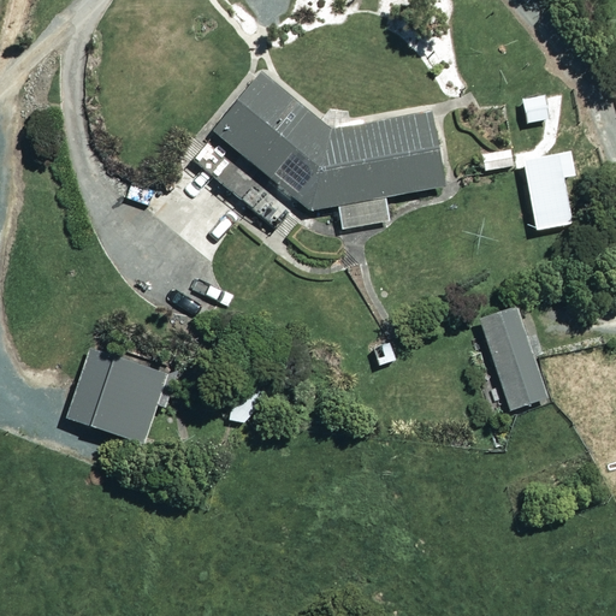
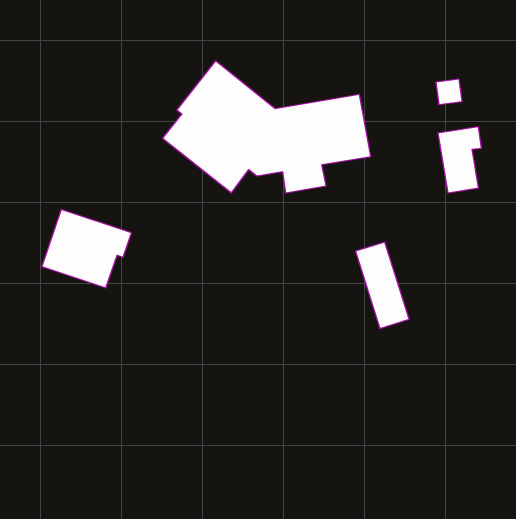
building: [484,306,547,408] -> [355,242,409,328]
building: [69,350,174,443] -> [42,209,131,288]

